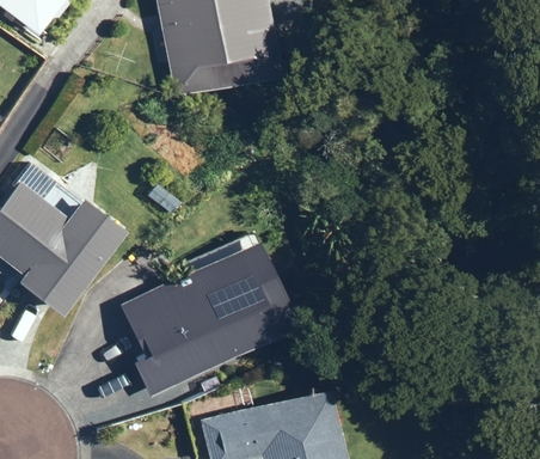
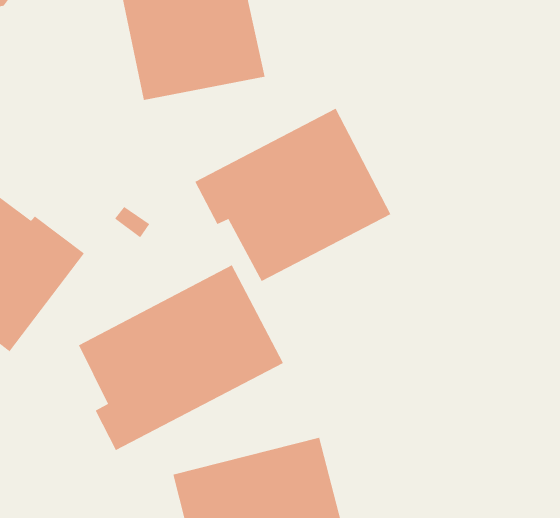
building: none -> [195,108,391,282]

